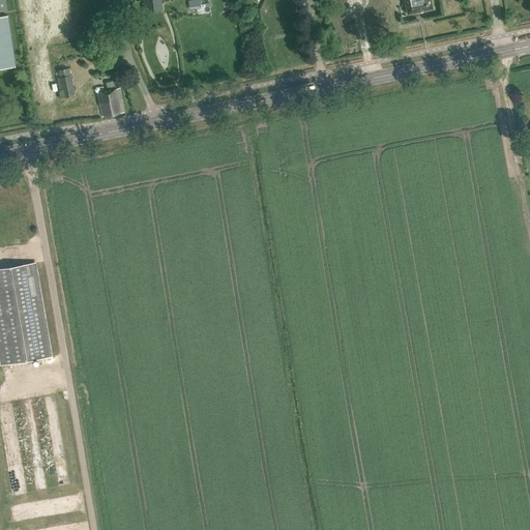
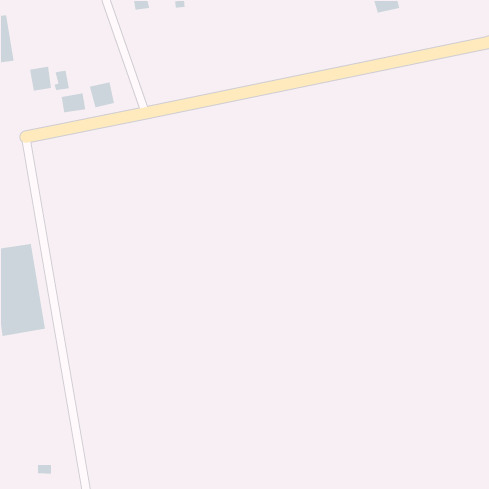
building: none -> [29,66,52,91]
building: none -> [61,93,86,113]

